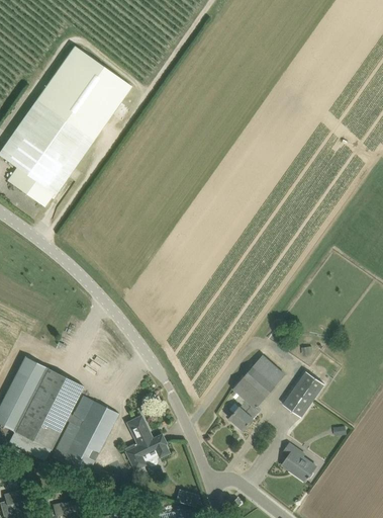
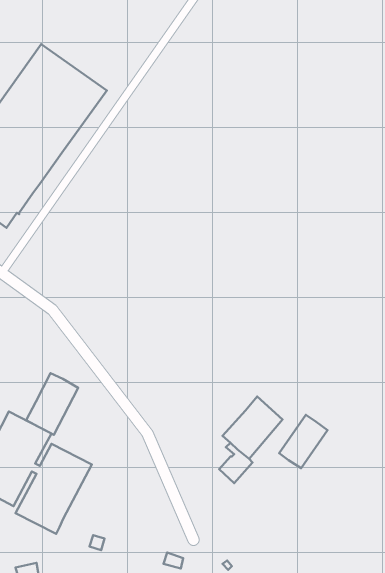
building: none -> [26,373,78,435]
building: [125,416,168,469] -> none
building: [281,444,315,482] -> none

